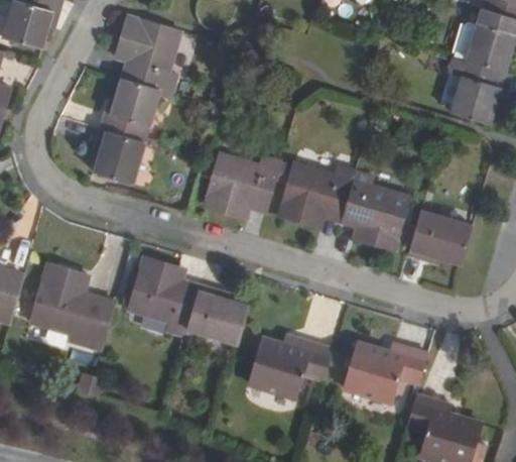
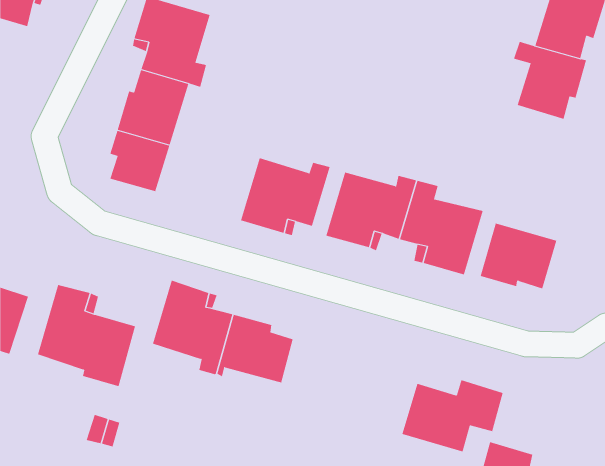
building: [248,339,335,400] -> none

